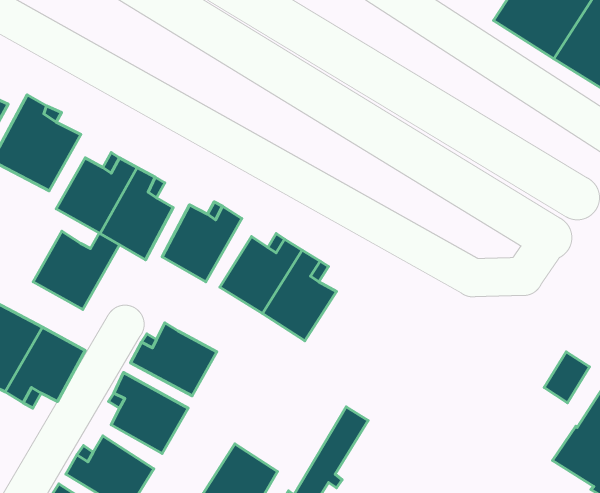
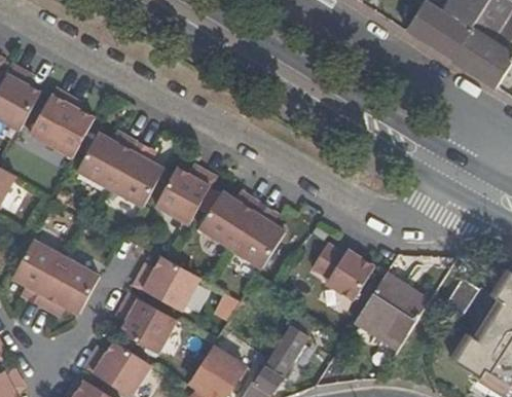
building: [33,231,120,309] -> none
building: none -> [310,244,374,301]
building: none -> [358,281,427,345]

